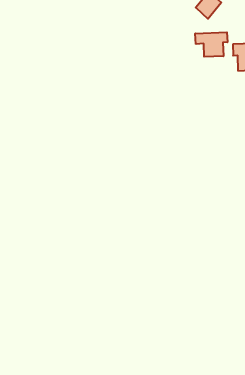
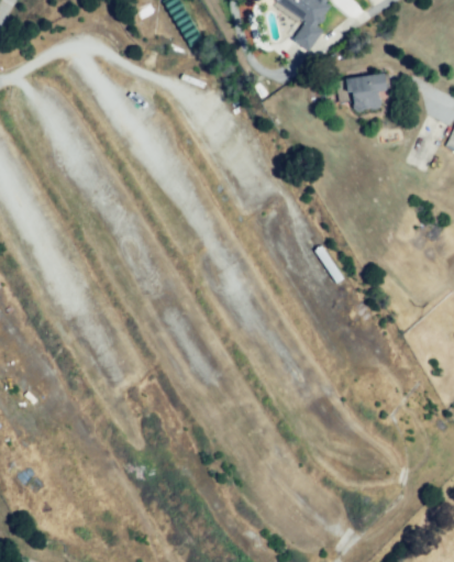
building: [195,32,227,57] -> none

